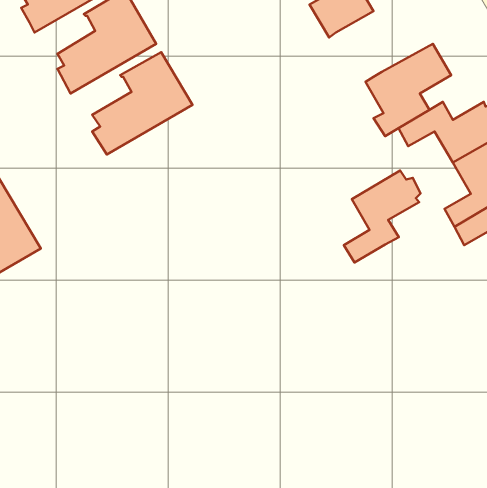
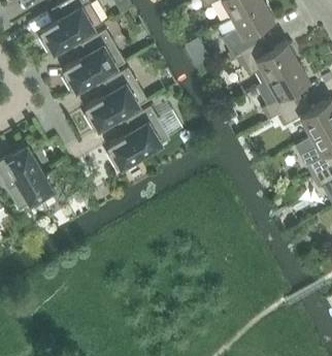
building: none -> [236,42,297,84]
building: none -> [106,106,168,170]
building: [344,171,421,262] -> none

